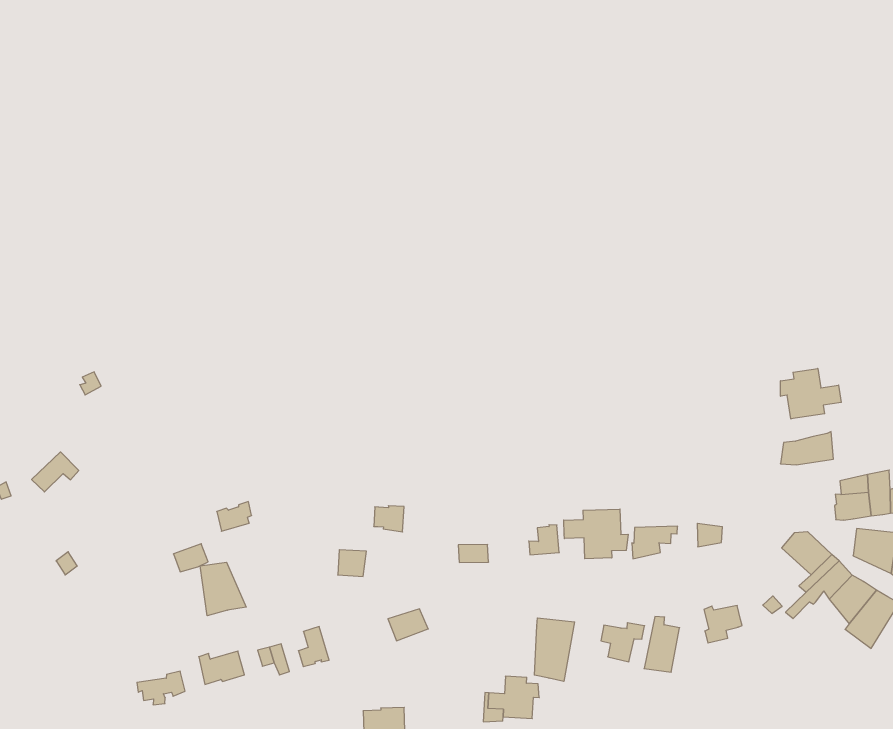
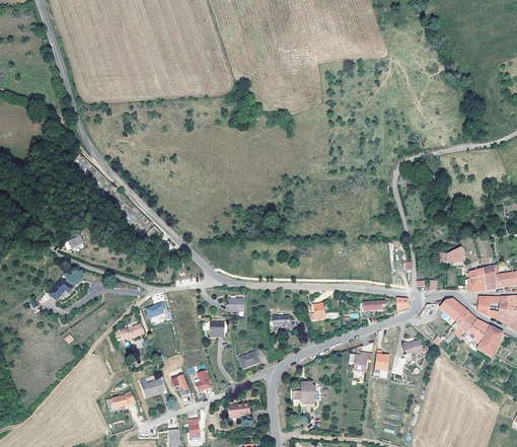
building: [781,368,841,419] -> none
building: [564,509,628,559] -> none
building: [200,562,246,616] -> none
building: [534,618,575,681] -> none

